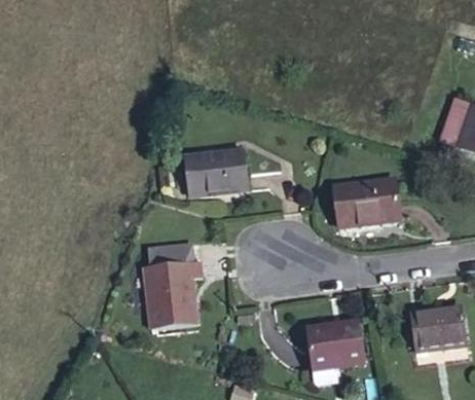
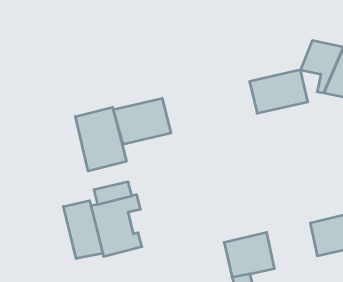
building: none -> [75,107,126,171]
building: [332,177,402,226] -> [250,70,308,113]
building: none -> [63,201,103,259]

